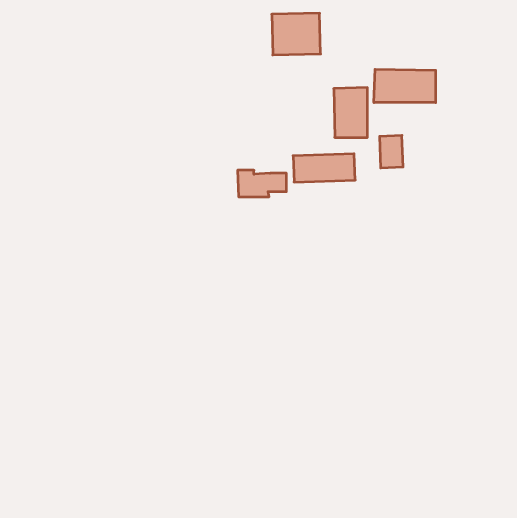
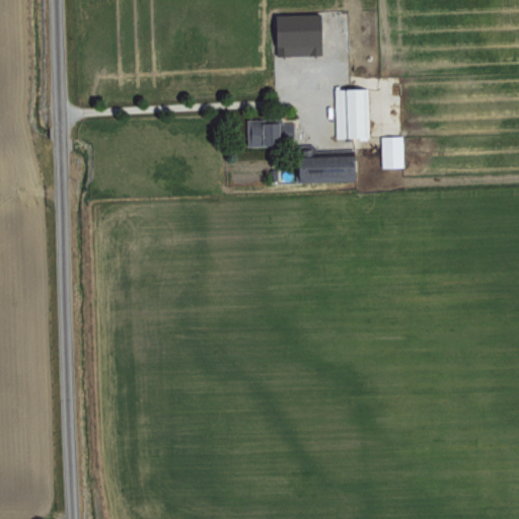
building: [374,69,436,103] -> none
building: [238,170,286,197] -> [247,121,296,147]

